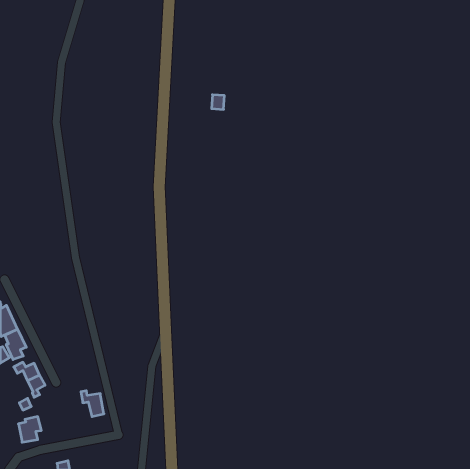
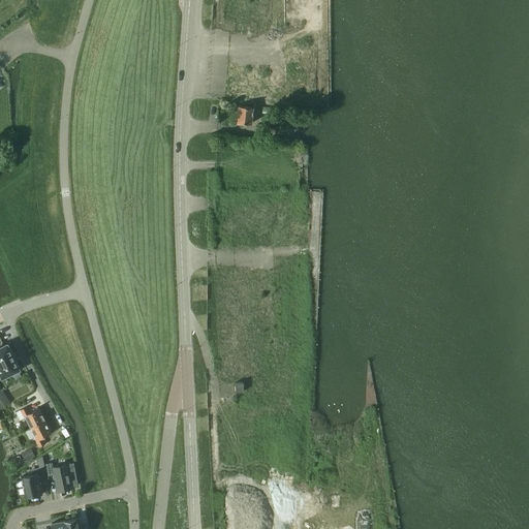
building: [5,329,26,360] -> none
building: [81,391,104,417] -> [45,463,71,492]

